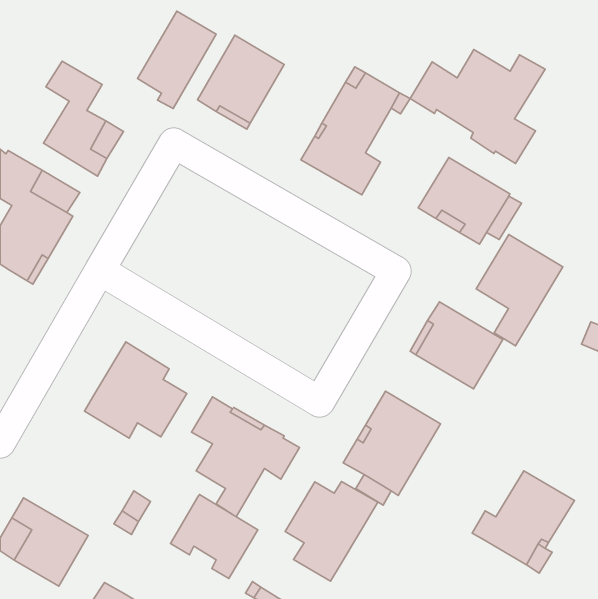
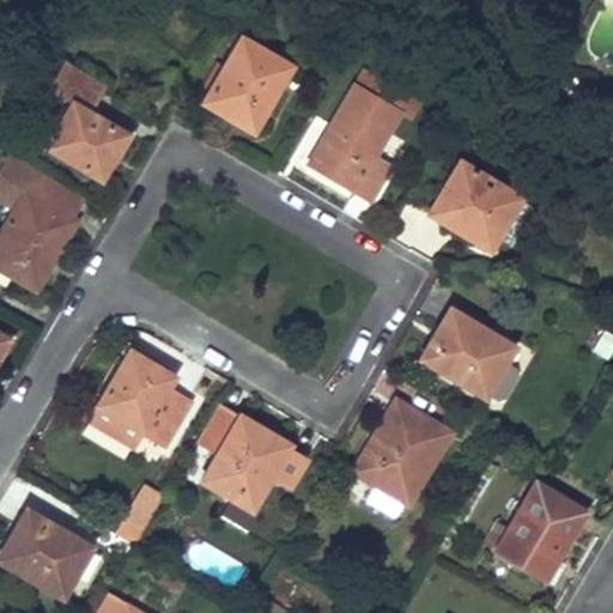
building: [138,11,216,108] -> none
building: [410,49,545,164] -> none
building: [476,234,563,346] -> none
building: [285,482,378,581] -> none
building: [170,495,258,579] -> none

